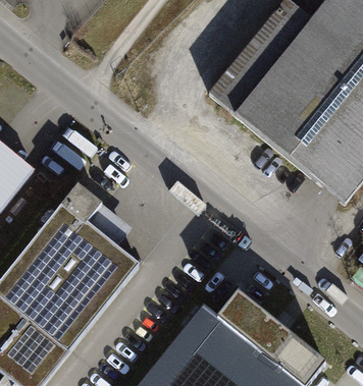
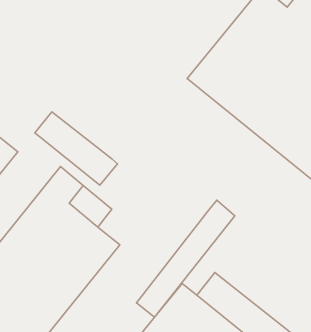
building: none -> [35,112,117,185]
building: none -> [137,200,235,317]

